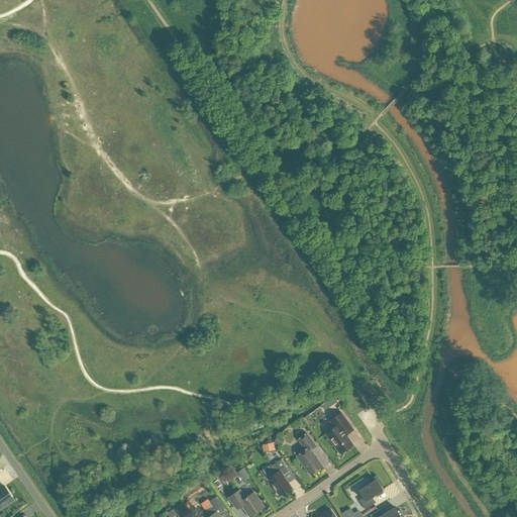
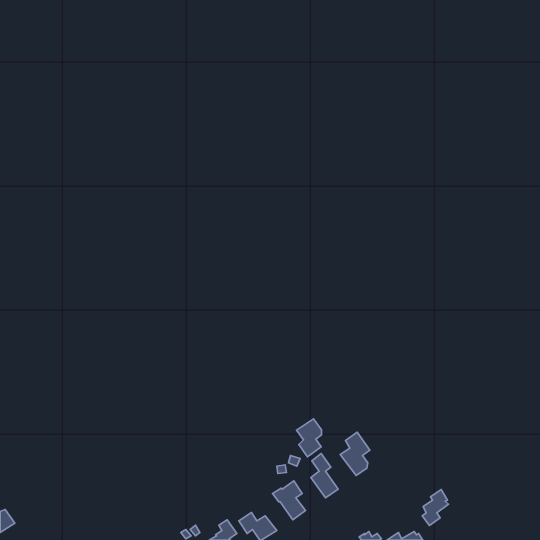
building: none -> [296,419,321,457]
building: [358,476,384,510] -> [422,489,448,525]

